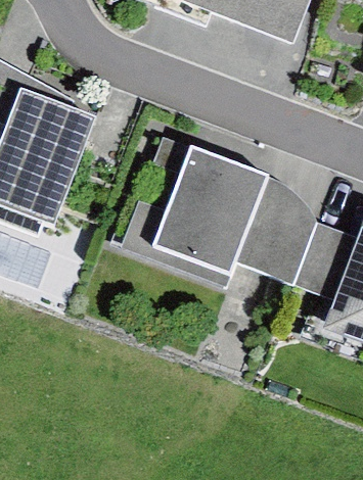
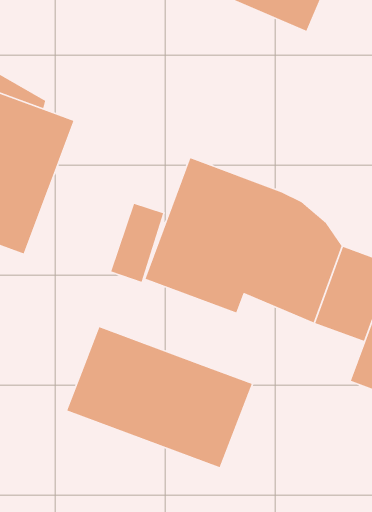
building: none -> [66,326,253,468]

